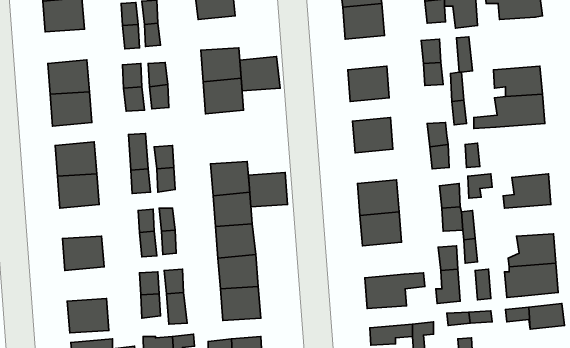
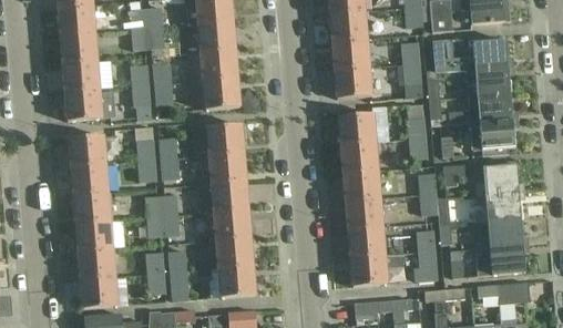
building: none -> [60,33,98,64]
building: none -> [331,39,369,70]
building: none -> [464,39,508,70]
building: [240,56,280,91] -> [198,21,235,52]
building: none -> [449,119,514,155]
building: none -> [340,142,378,173]
building: [248,173,288,207] -> [207,124,243,155]
building: none -> [73,192,111,223]
building: none -> [475,192,520,221]
building: none -> [347,226,385,258]
building: none -> [78,248,115,279]

